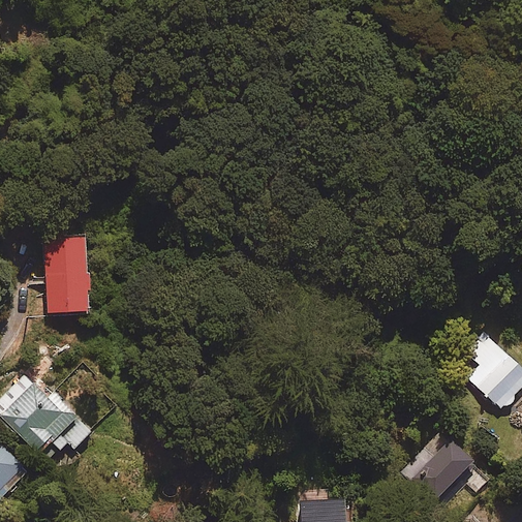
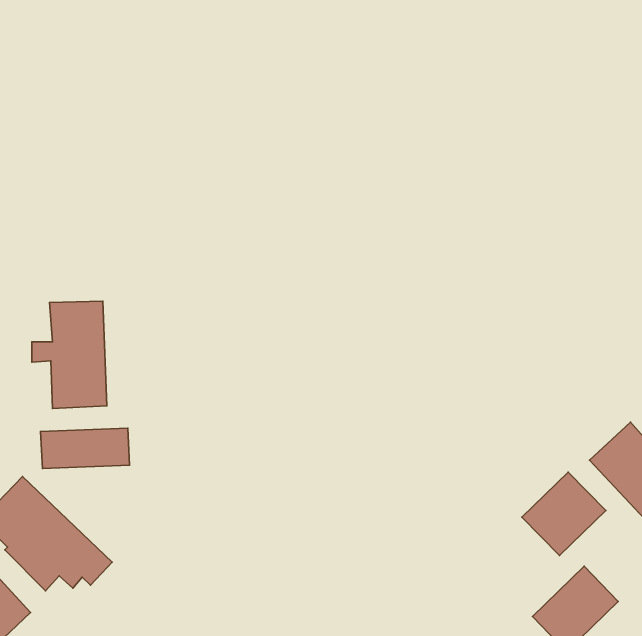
building: none -> [41,428,130,468]
building: none -> [522,472,606,556]

